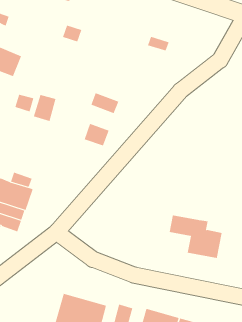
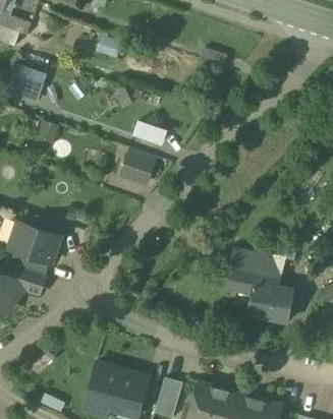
building: [33,94,56,122] -> none
building: none -> [231,250,270,274]

